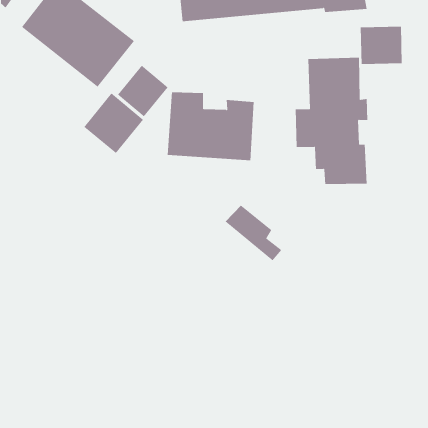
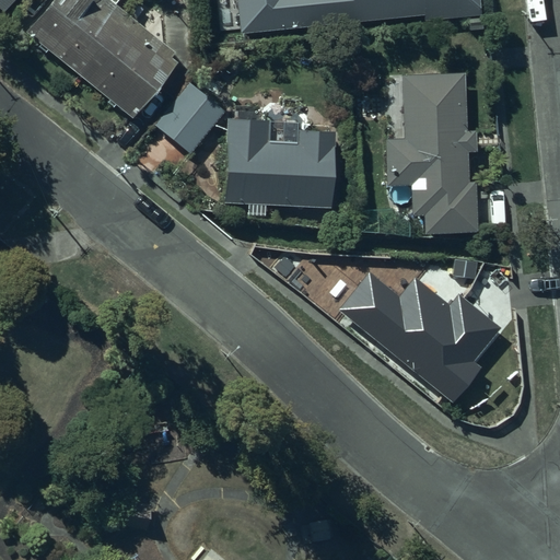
building: [360,26,402,65] -> none
building: [83,93,144,154] -> none
building: none -> [364,265,497,365]

